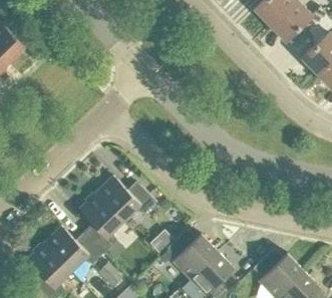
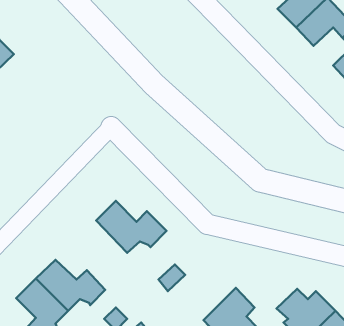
building: [78,193,122,253] -> none
building: [165,232,217,279] -> none

